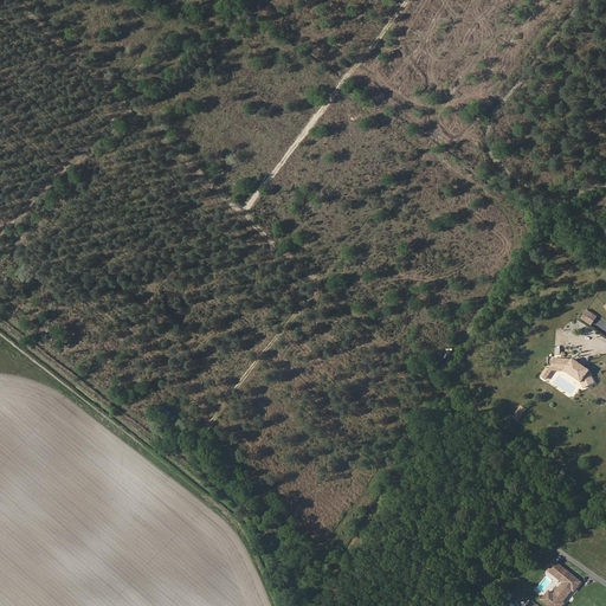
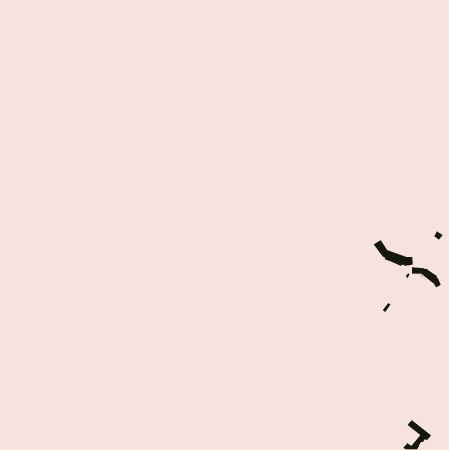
building: none -> [372,238,414,267]

